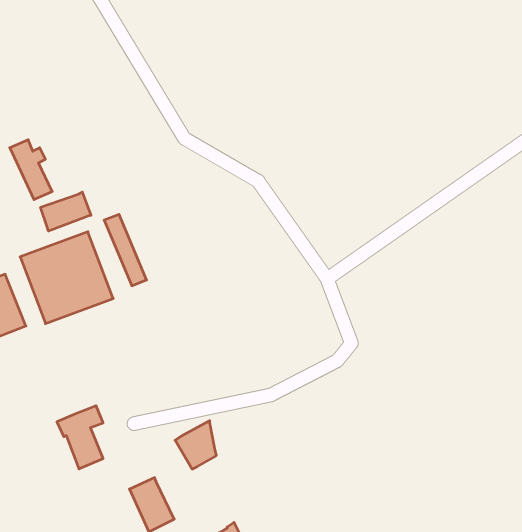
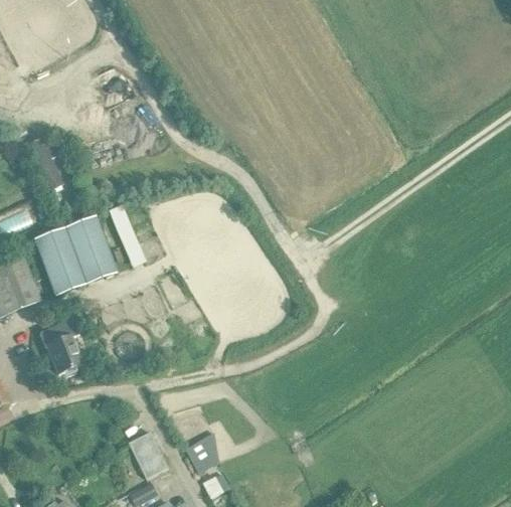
building: [41,192,91,231] -> none
building: [57,406,103,469] -> [39,317,79,372]
building: [175,421,216,469] -> [184,431,220,473]

